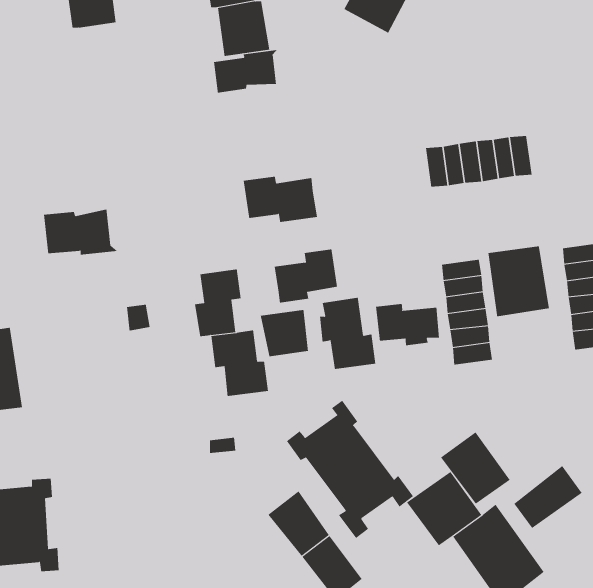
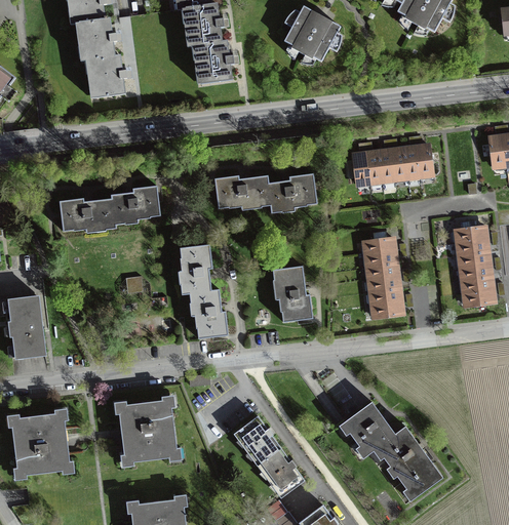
building: none -> [89,59,129,103]
building: [214,49,278,93] -> none
building: none -> [111,188,160,229]
building: [488,245,549,317] -> none
building: [274,249,338,303] -> [267,174,315,215]
building: [376,303,440,346] -> none
building: [260,309,309,357] -> none
building: [286,400,414,539] -> none
building: [440,431,511,505] -> none
building: none -> [114,392,183,467]
building: [513,465,583,529] -> none

